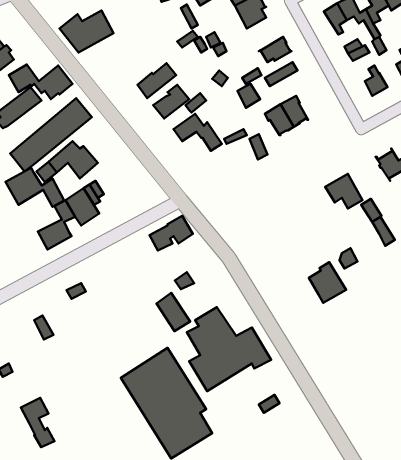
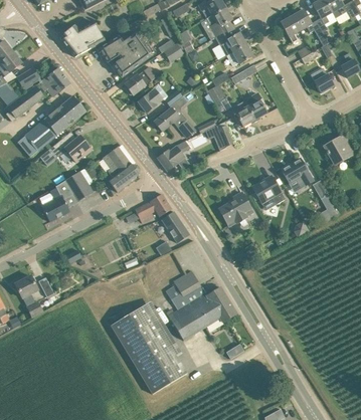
building: none -> [216,27,246,55]
building: none -> [99,32,153,76]
building: none -> [103,146,139,191]
building: none -> [157,146,189,171]
building: [6,168,64,207] -> none
building: none -> [218,192,253,226]
building: [309,262,346,303] -> [253,175,285,209]
building: [157,293,190,331] -> [162,210,190,242]
building: [21,398,54,447] -> [15,275,43,317]

